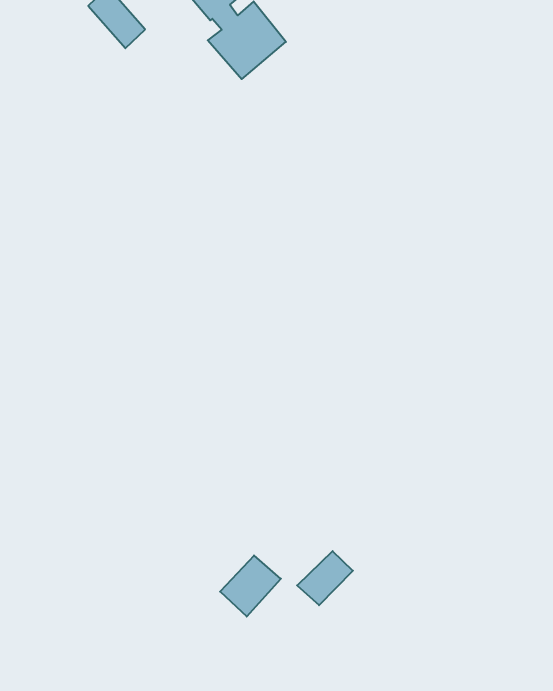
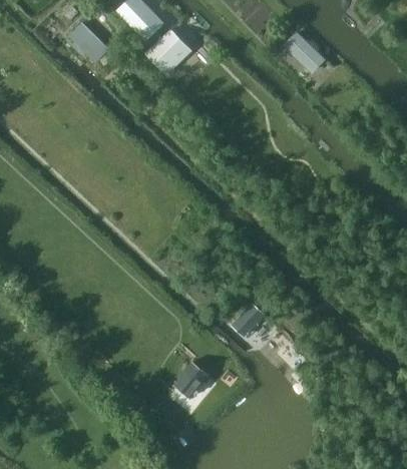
building: none -> [283,31,325,73]
building: [297,551,353,605] -> [232,303,265,336]

